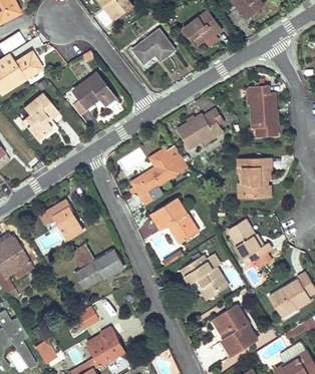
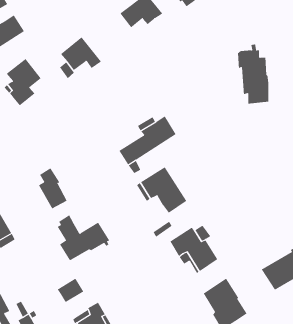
building: [177,109,225,148] -> none
building: [237,158,270,198] -> none
building: [228,220,272,268] -> none

